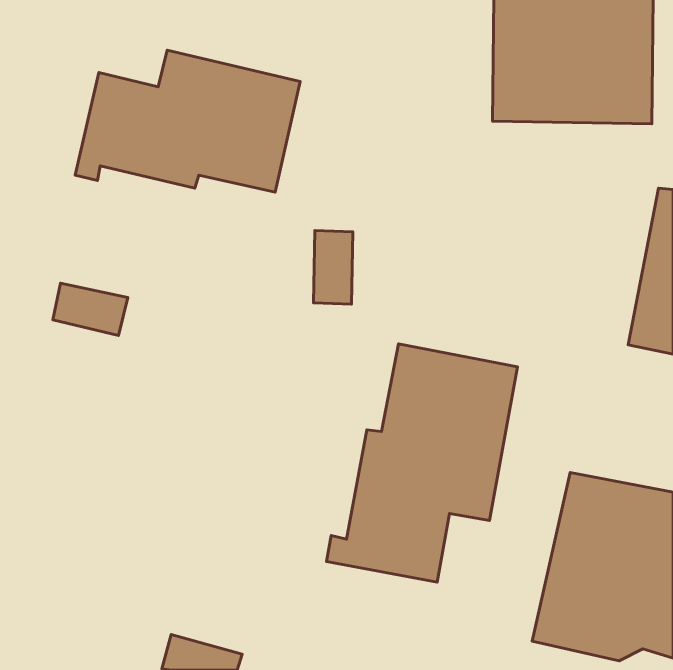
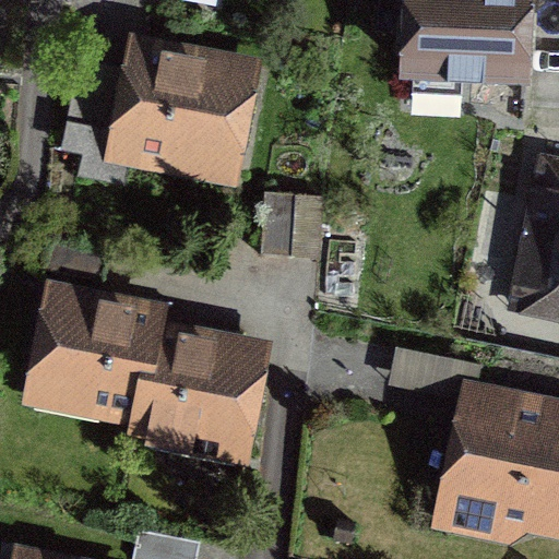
building: [326,344,518,582] -> none
building: none -> [34,294,260,447]

